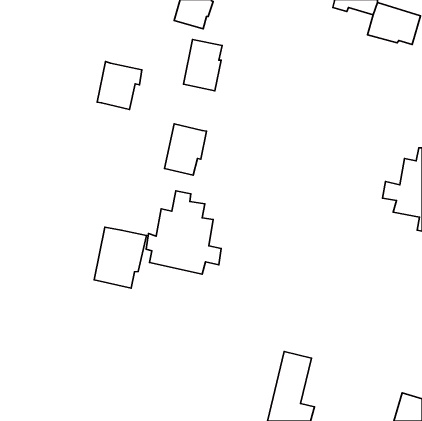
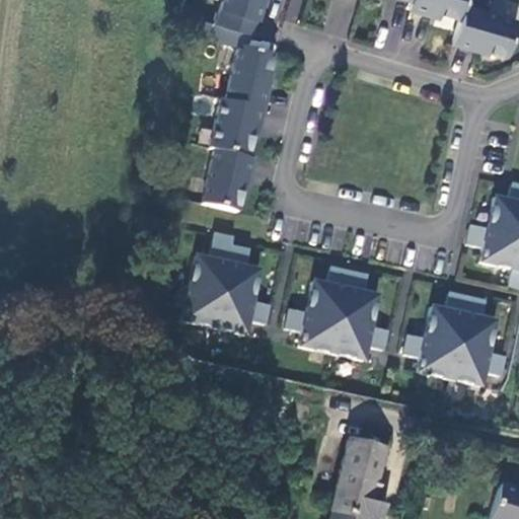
building: [97,62,142,110] -> [209,101,264,160]
building: none -> [289,268,391,359]
building: [94,227,147,288] -> none
building: none -> [407,292,510,383]

